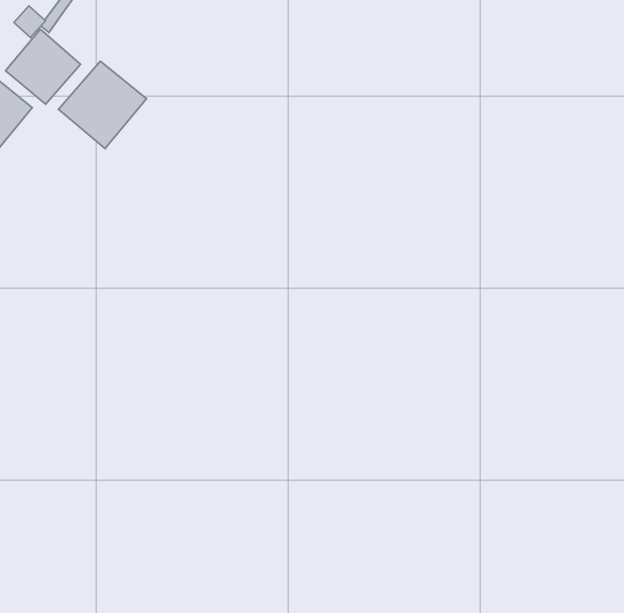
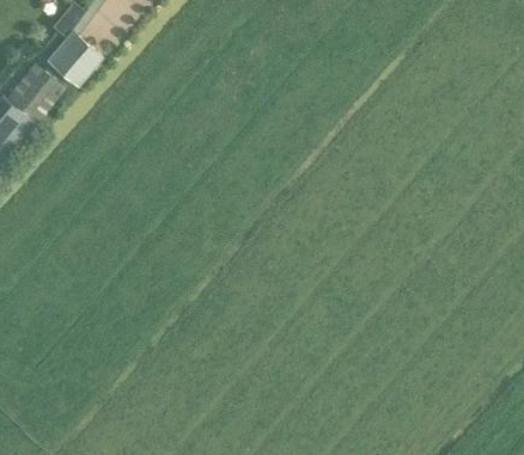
building: [58,61,147,149] -> none

